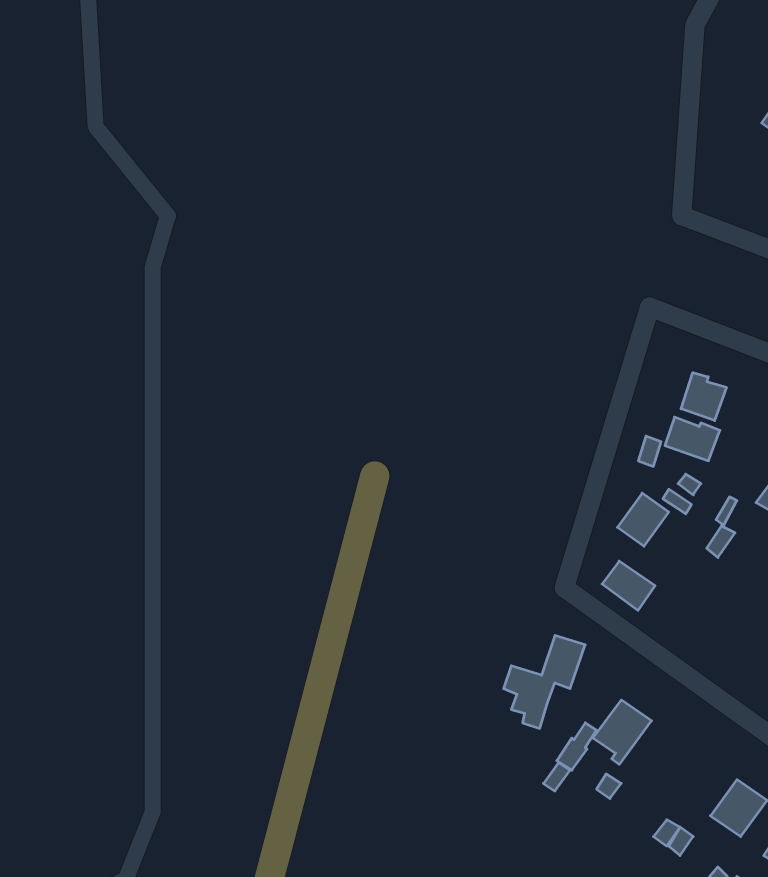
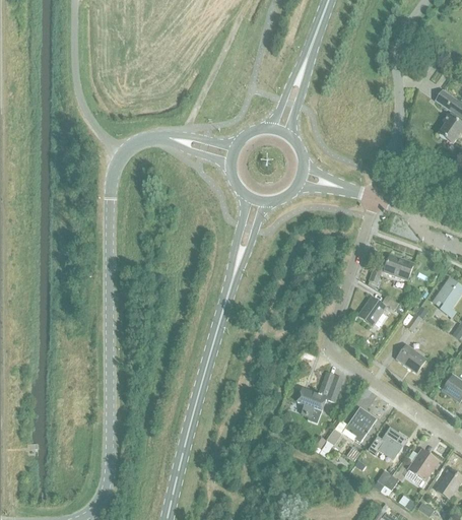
building: [681,373,726,421] -> none
building: [602,561,655,610] -> [397,344,425,371]
building: none -> [379,427,407,458]

